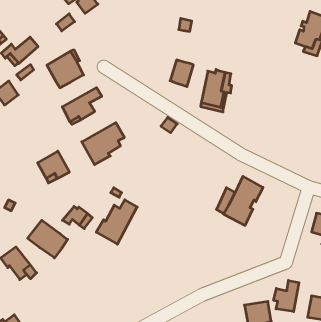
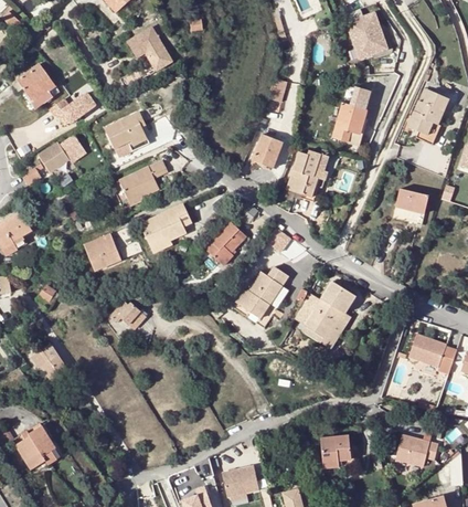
building: none -> [333,84,373,146]
building: none -> [396,190,427,214]
building: none -> [204,221,246,265]
building: [96,200,137,244] -> [236,266,288,319]
building: none -> [301,311,351,349]
building: [28,220,68,258] -> none
building: [274,280,299,312] -> none

